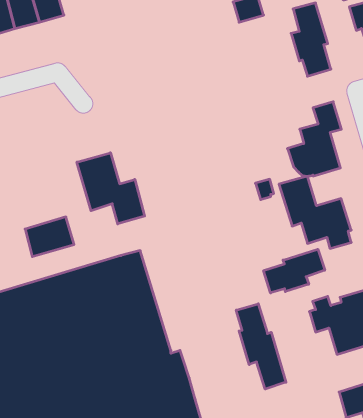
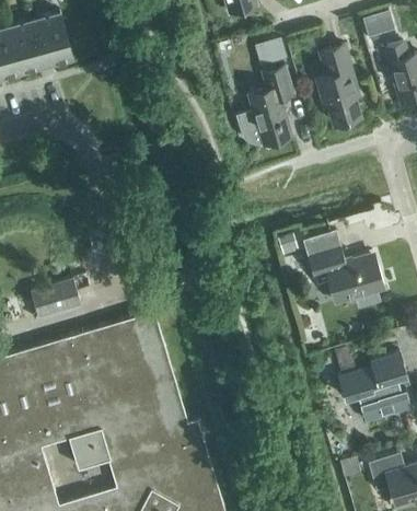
building: [287,102,341,176] -> [235,66,293,146]
building: [77,153,145,224] -> none
building: [264,249,325,293] -> none
building: [236,304,286,389] -> none

